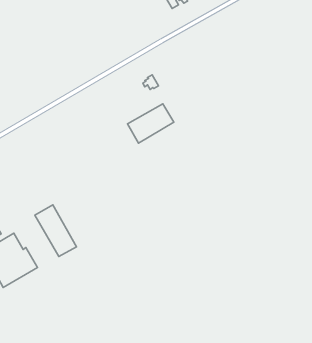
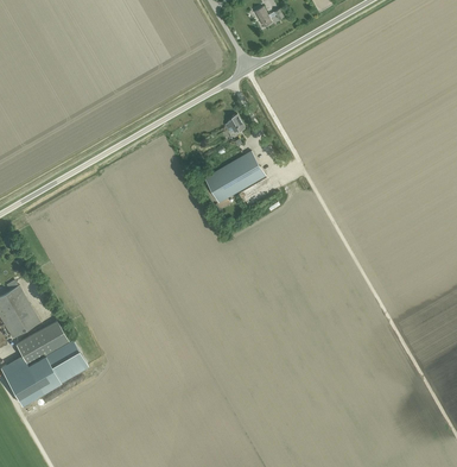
building: [35,205,76,256] -> none

